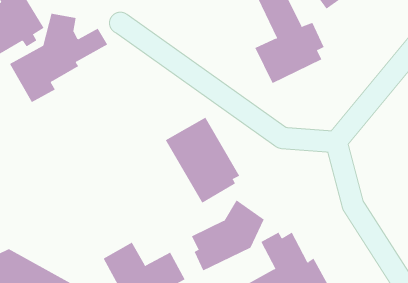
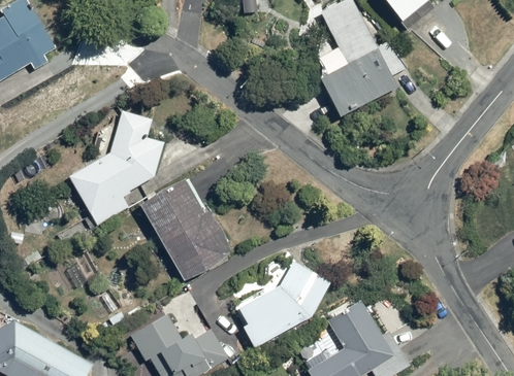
building: [9,13,108,103] -> [69,111,192,223]
building: [165,117,240,203] -> [139,175,232,282]

